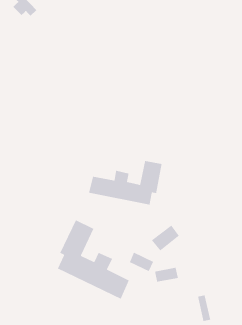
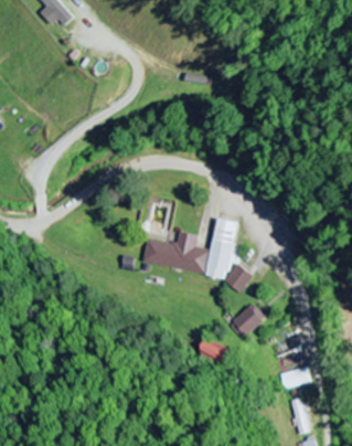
building: none -> [224,264,254,293]
building: [57,219,130,300] -> none
building: [154,267,179,283] -> [279,368,312,389]

